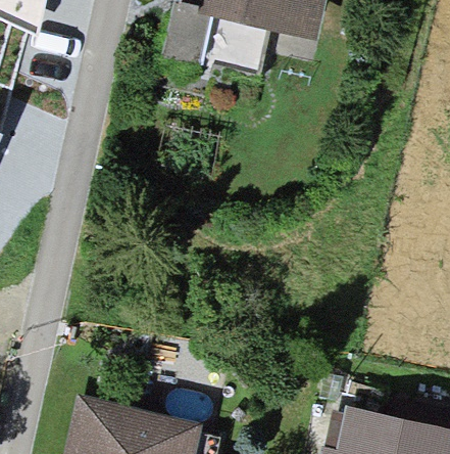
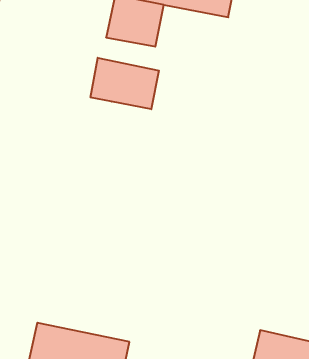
building: none -> [91,58,159,109]

